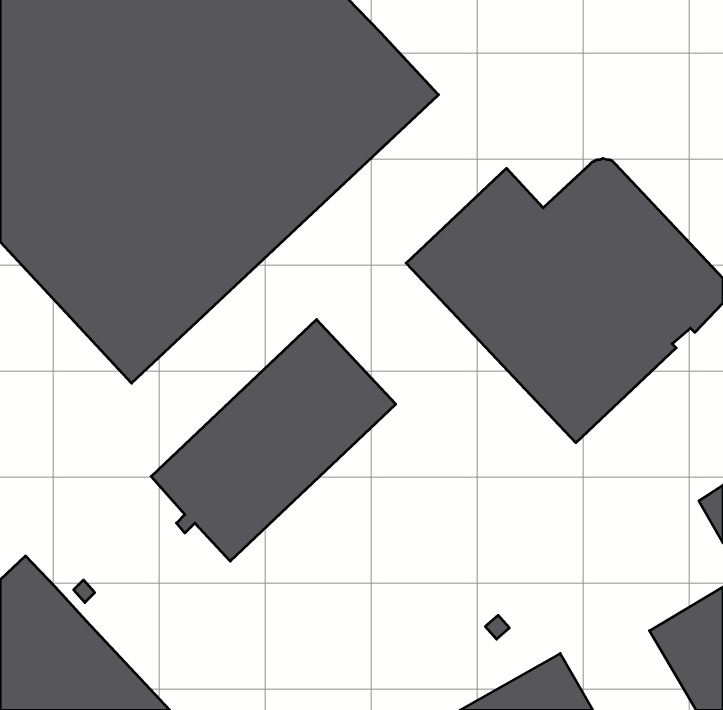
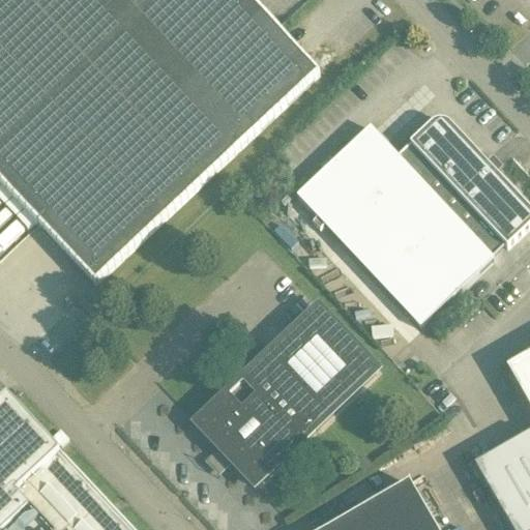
building: [151,319,396,561] -> [198,304,377,481]

